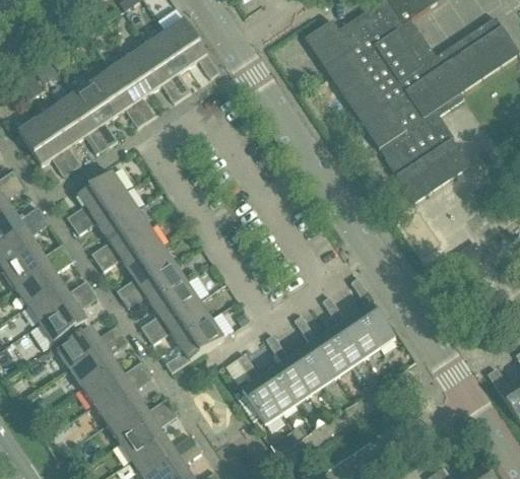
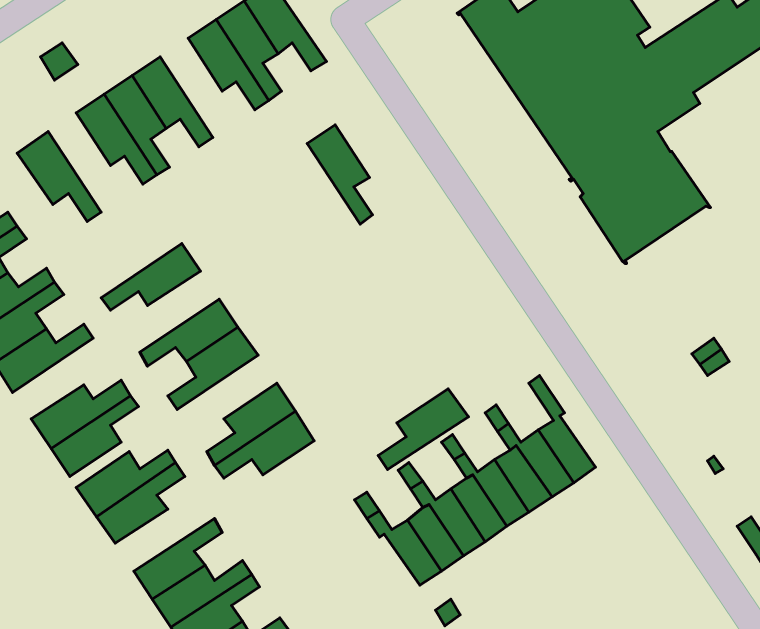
building: [111,56,153,121] -> [307,125,373,224]
building: [38,105,80,169] -> none
building: [67,170,125,225] -> none
building: [91,208,149,261] -> none
building: [14,252,72,304] -> none
building: [122,263,187,306] -> none
building: [166,319,224,371] -> [378,389,468,470]
building: [81,361,146,404] -> none
building: [243,380,280,423] -> none

